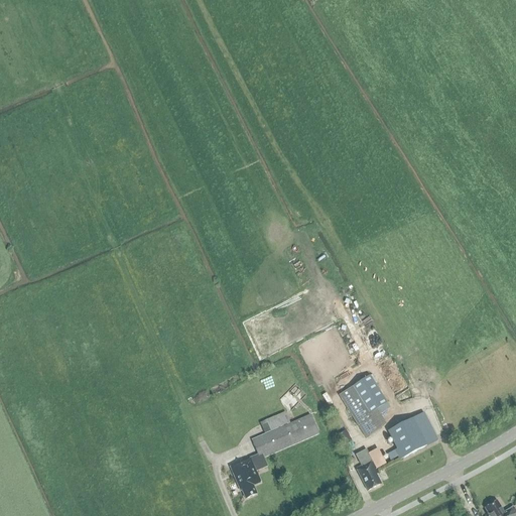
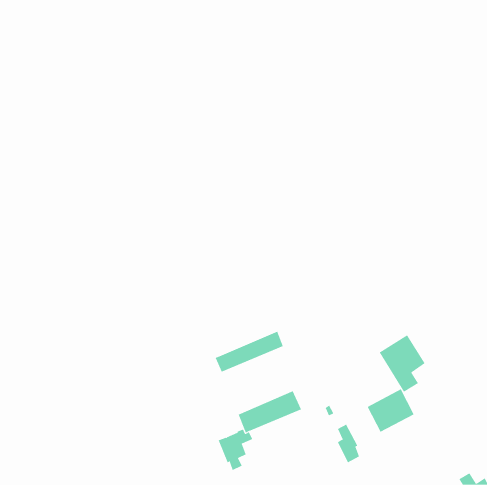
building: none -> [215,331,284,373]
building: [340,374,389,435] -> [379,334,426,393]

